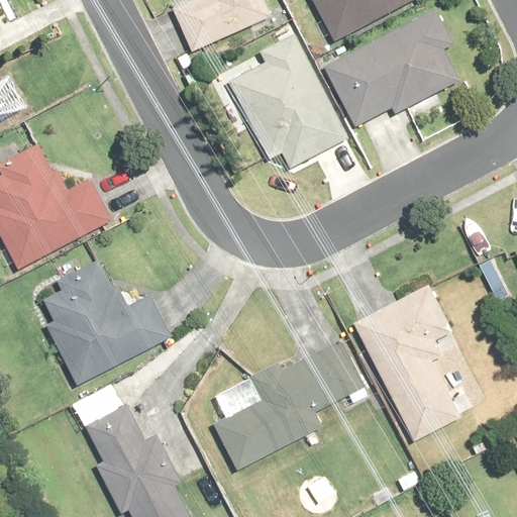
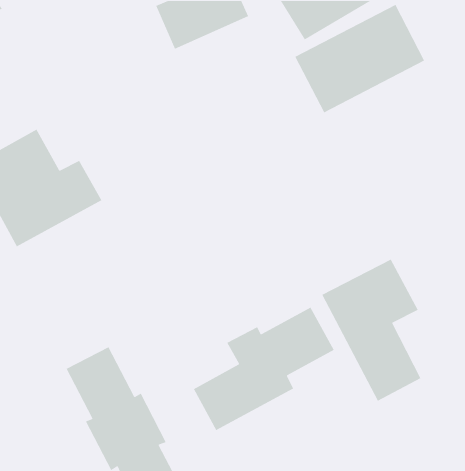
building: [226,30,348,174] -> none
building: [29,257,173,387] -> none

